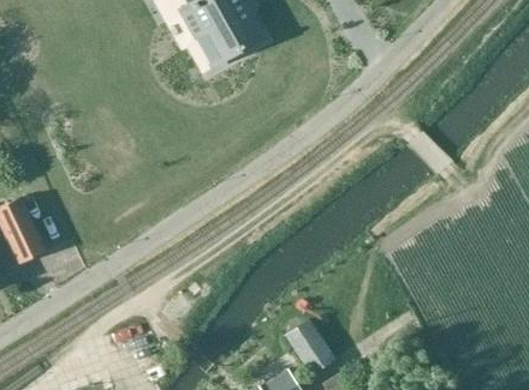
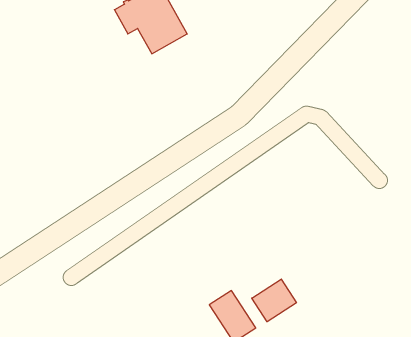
building: none -> [252,279,296,322]

